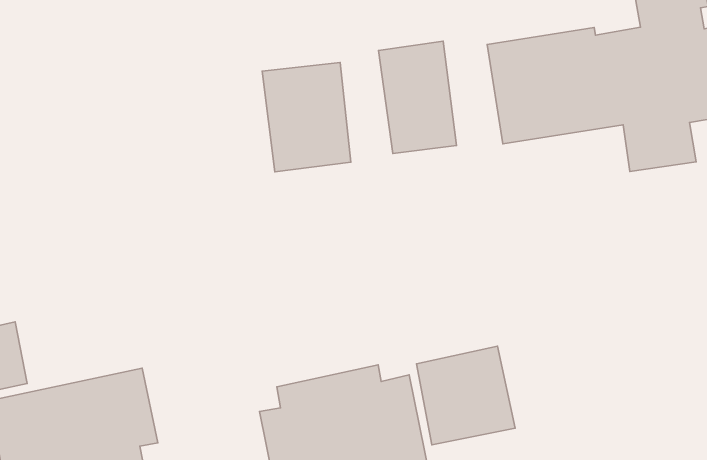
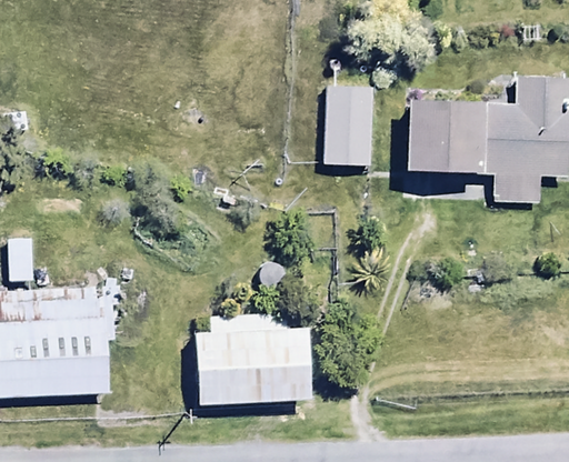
building: [262,63,351,172] -> none
building: [416,346,515,445] -> none

